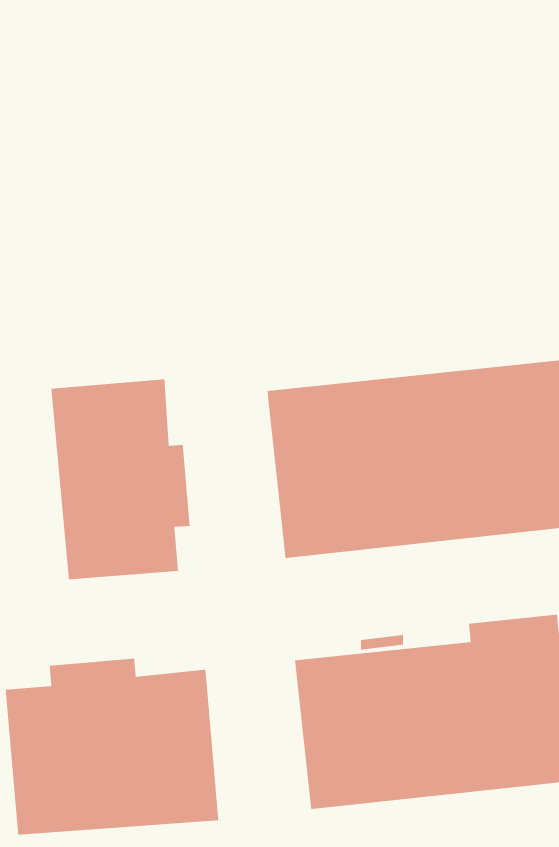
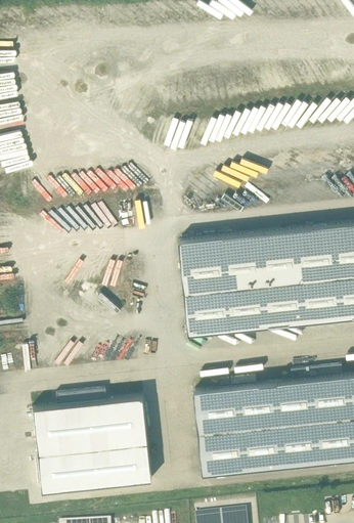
building: [50,378,190,580] -> none

